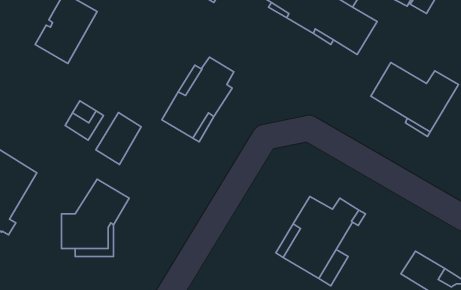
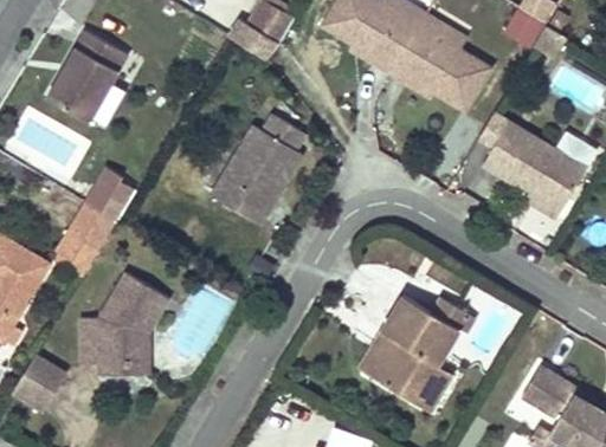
building: [96,112,141,164] -> [56,202,115,270]
building: none -> [13,356,64,408]

